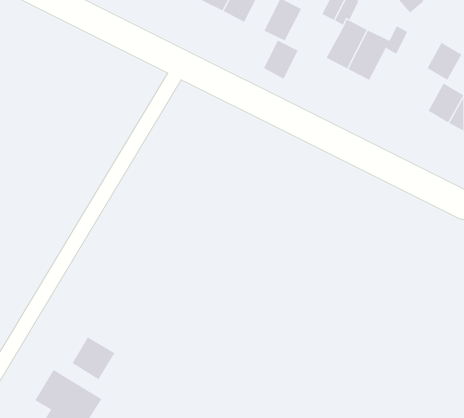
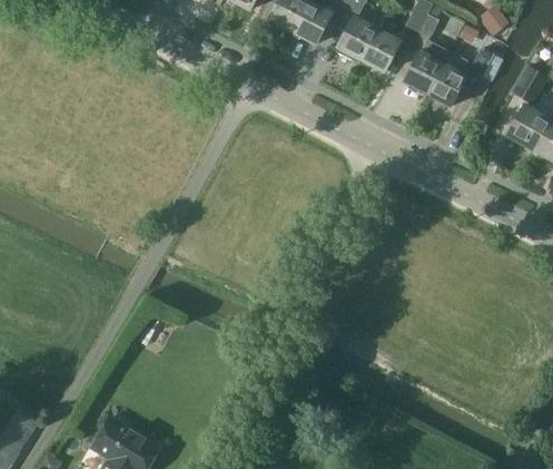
building: [263,40,298,79] -> [362,28,399,70]
building: [72,336,115,380] -> none

